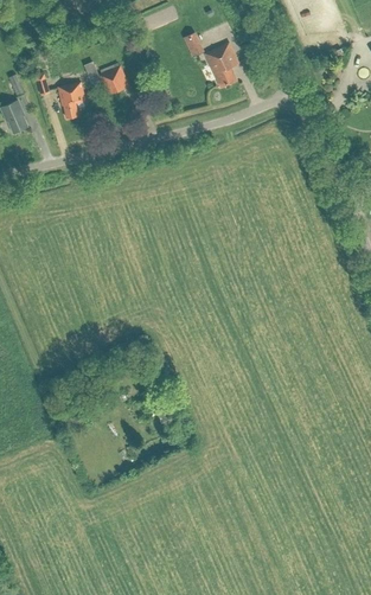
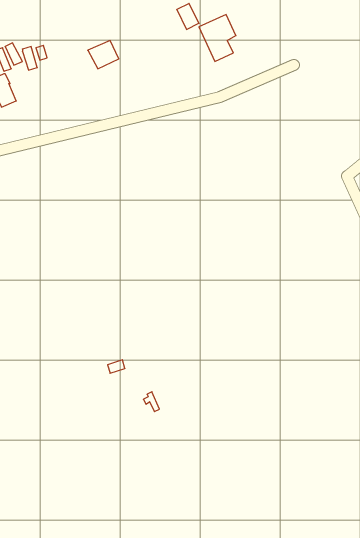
building: [57,83,85,120] -> none

